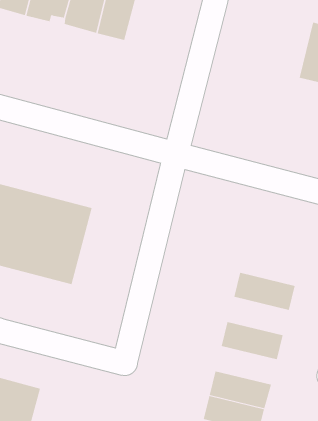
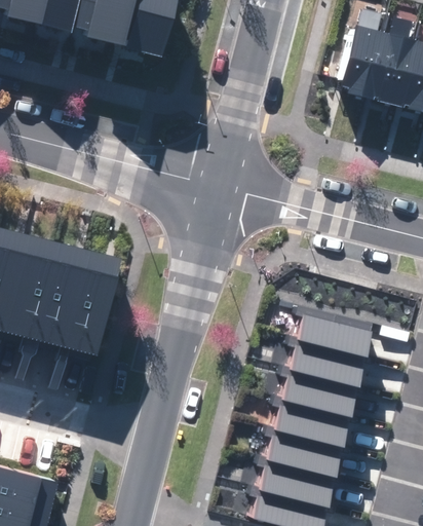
building: none -> [337,27,384,102]
building: none -> [296,307,371,353]
building: none -> [280,367,356,413]
building: none -> [266,426,342,473]

